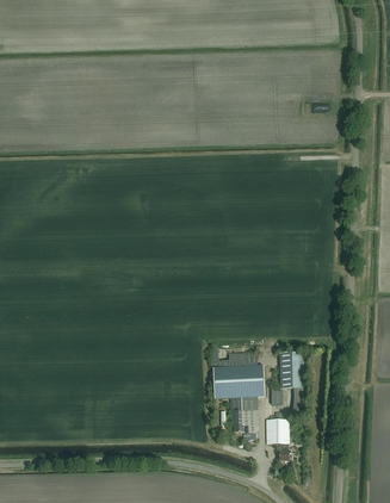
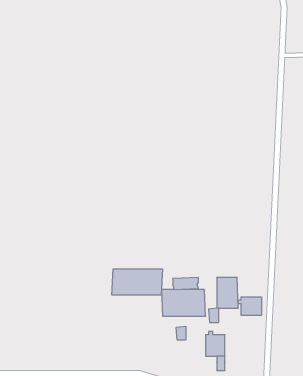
building: none -> [112,269,162,295]
building: none -> [238,297,261,315]

